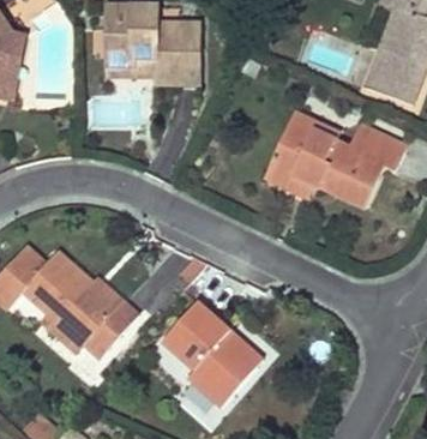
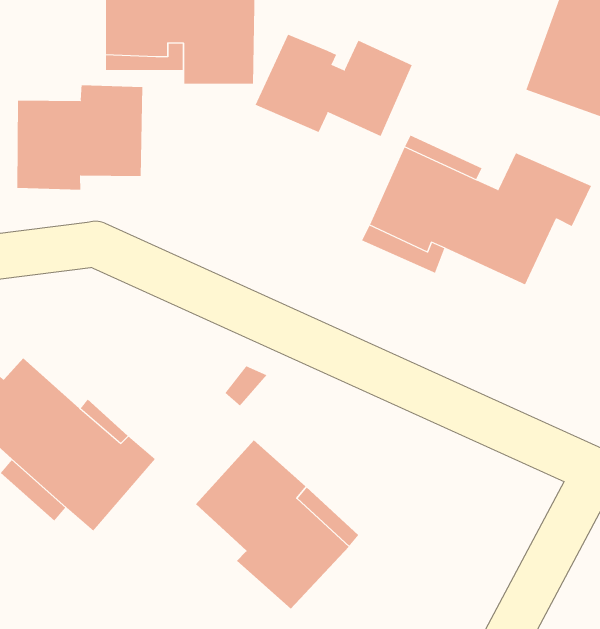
building: none -> [255,34,412,137]
building: none -> [17,85,143,190]

